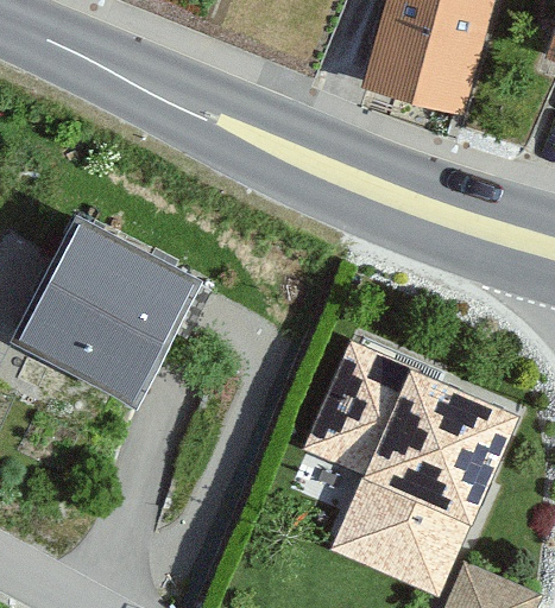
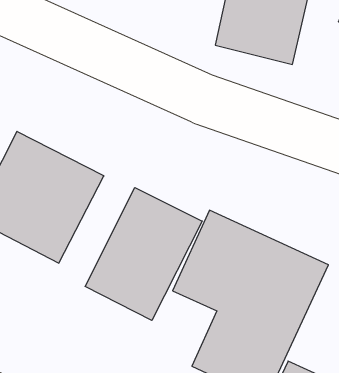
building: none -> [85,188,202,320]

